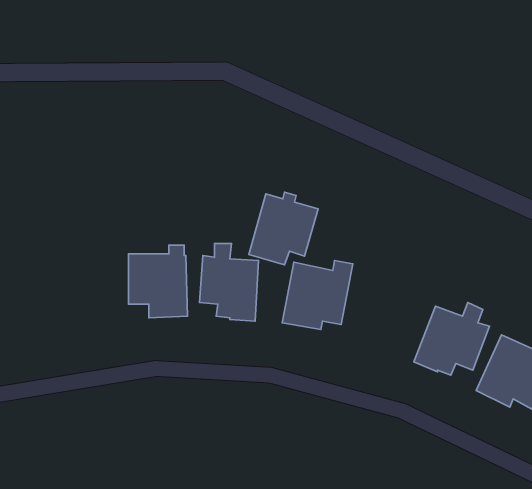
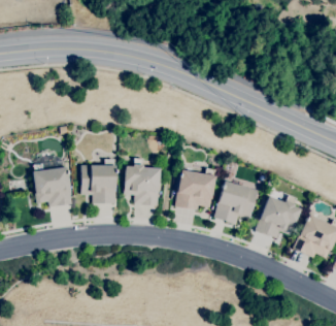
building: [249,192,318,265] -> [215,180,258,224]
building: none -> [33,164,73,207]

